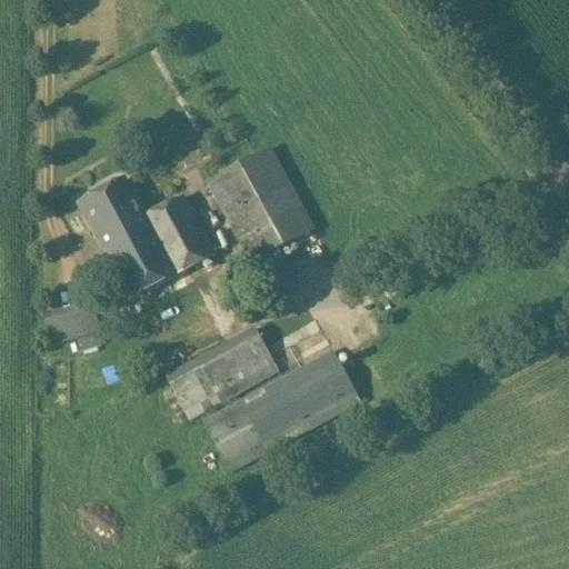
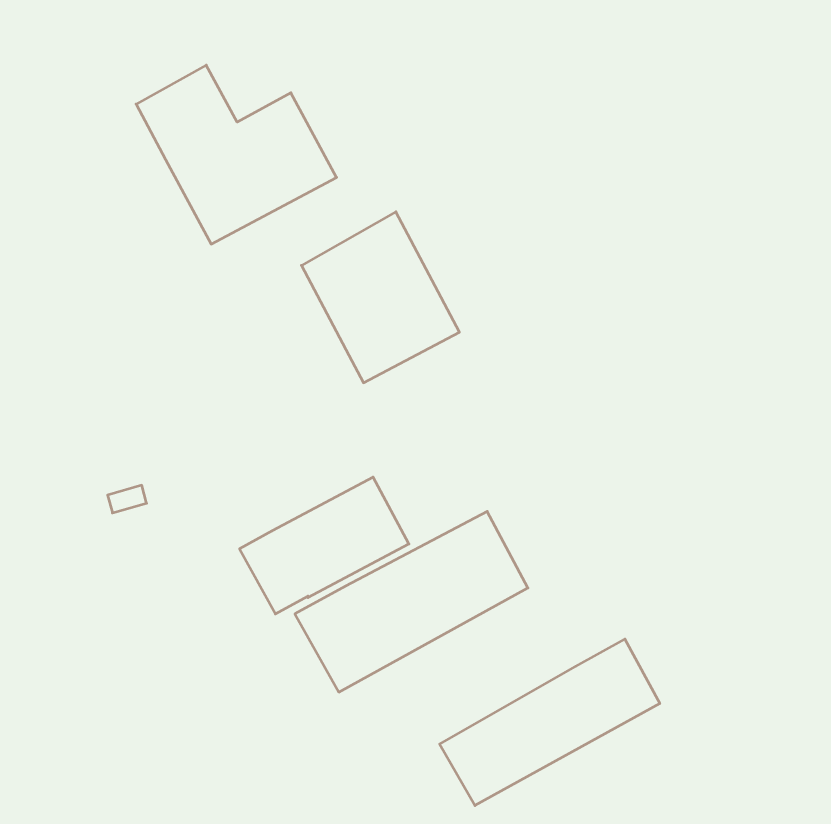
building: [77,177,213,299] -> [136,65,337,244]
building: none -> [440,639,660,806]

